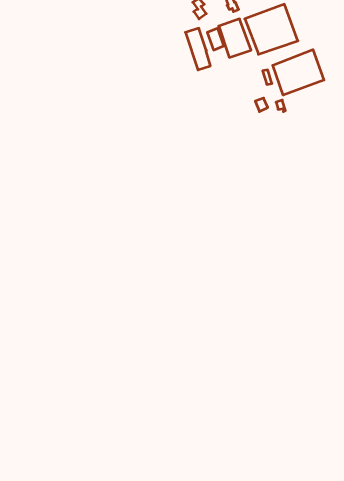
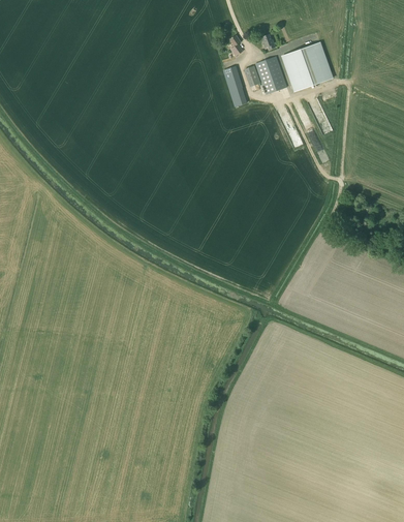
building: [273,50,324,95] -> none

